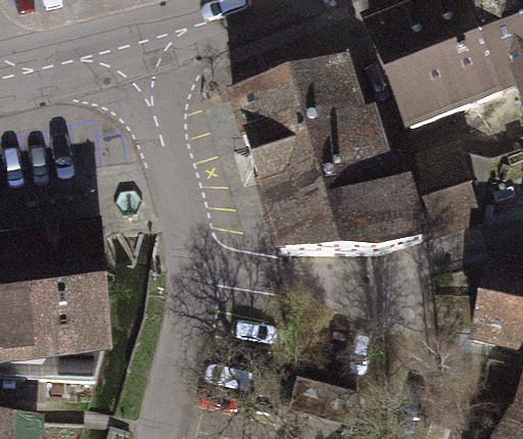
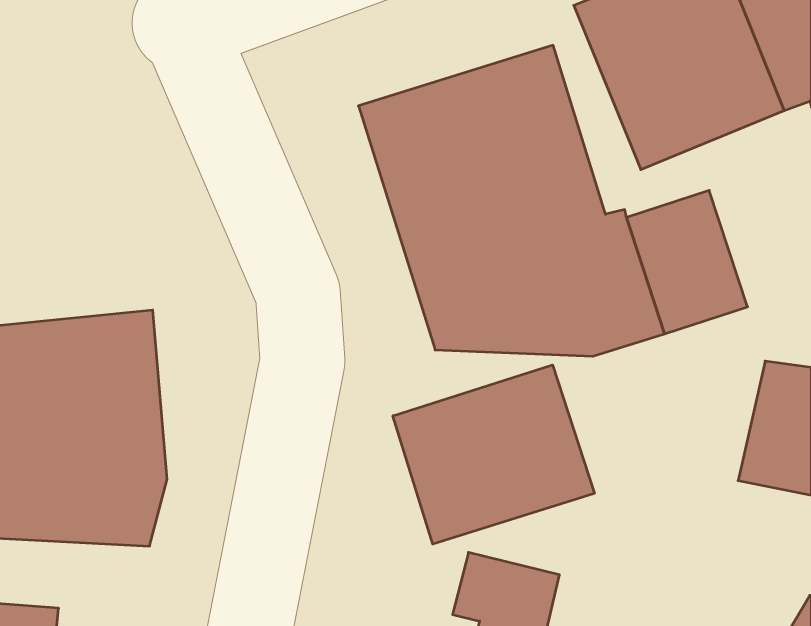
building: none -> [393,365,594,544]

